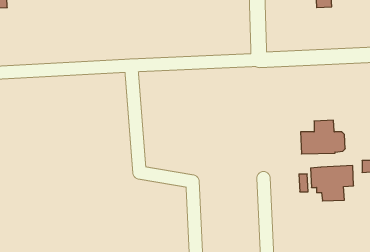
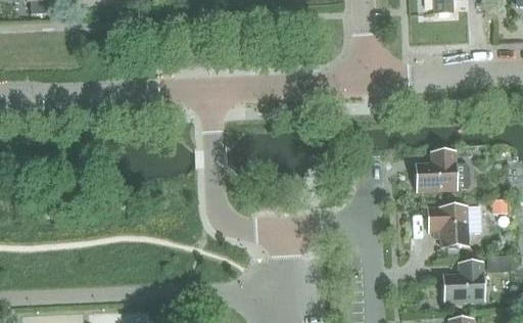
building: none -> [442,261,484,302]

